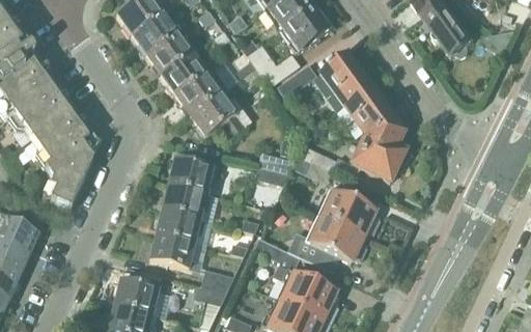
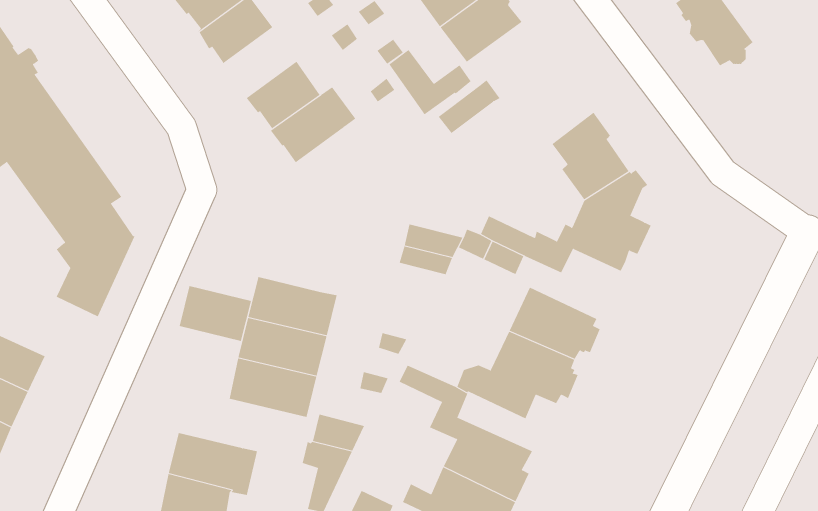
building: [146,30,192,74] -> none
building: [319,51,373,102] -> none
building: [190,91,252,135] -> none
building: [168,158,213,192] -> [179,286,252,342]

